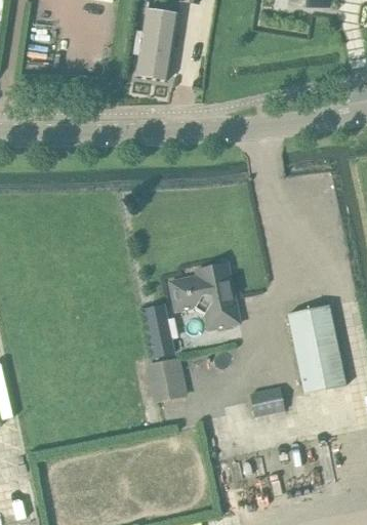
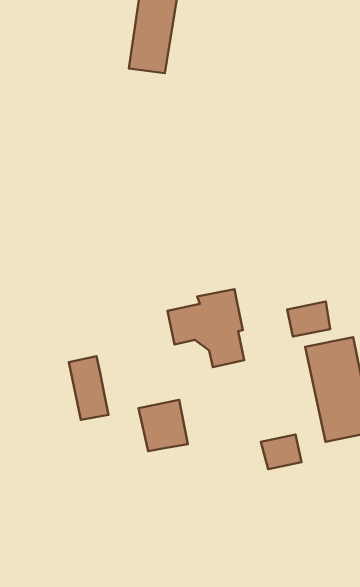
building: none -> [287,302,330,337]
building: [141,302,175,357] -> [69,356,108,420]

